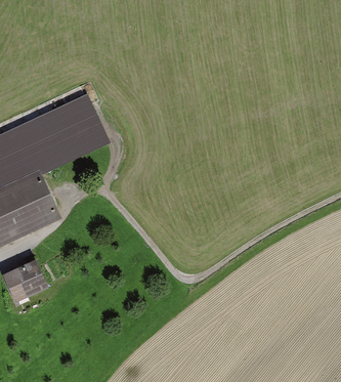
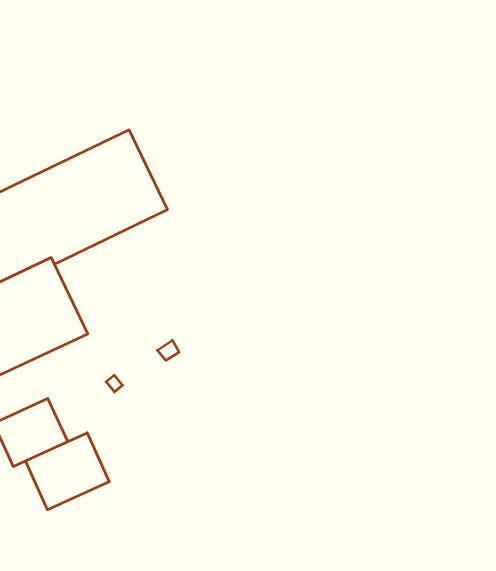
building: none -> [25,433,109,510]

